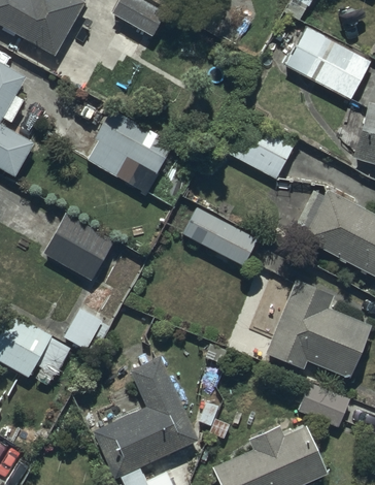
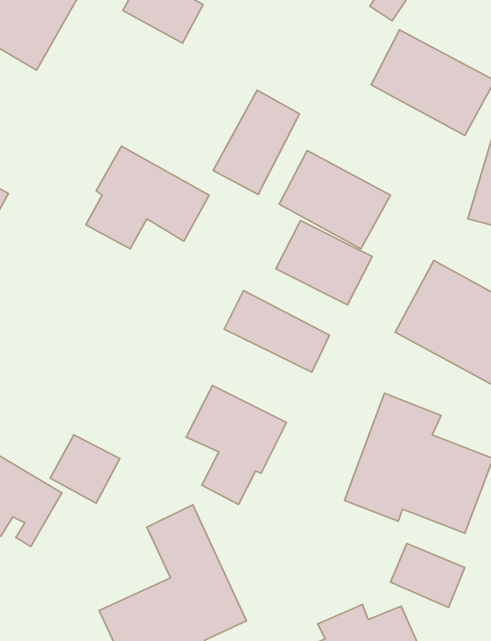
building: none -> [213,90,300,195]
building: none -> [276,220,372,305]
building: [43,214,115,282] -> none
building: none -> [186,385,286,505]

